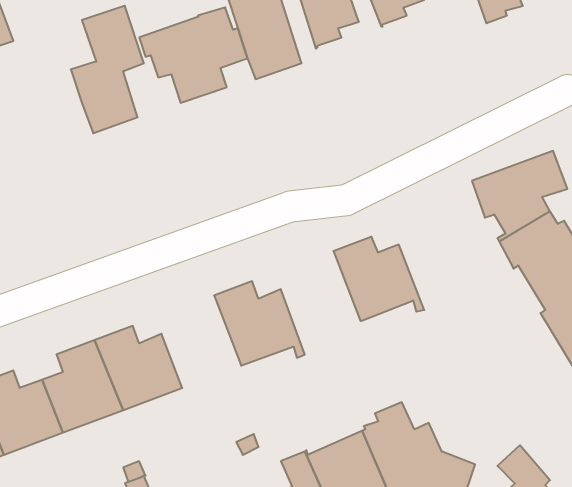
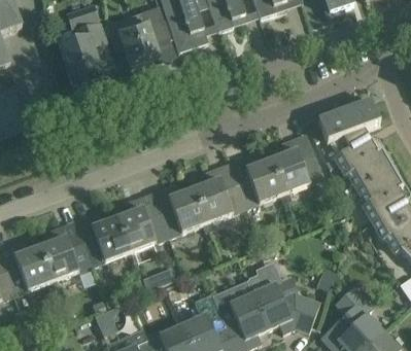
building: none -> [271,134,323,202]
building: none -> [195,164,246,231]
building: none -> [117,192,169,252]

